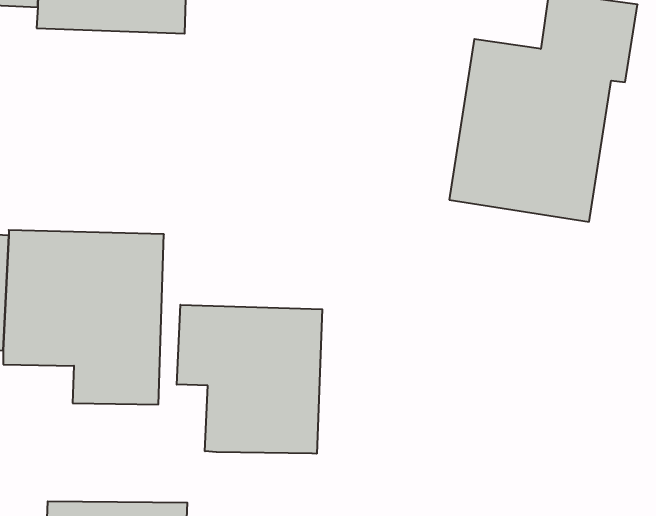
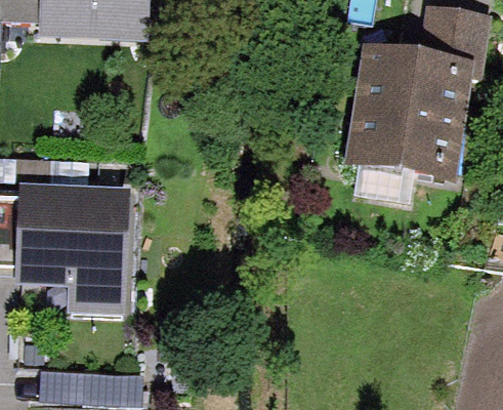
building: [177,305,322,454] -> none

